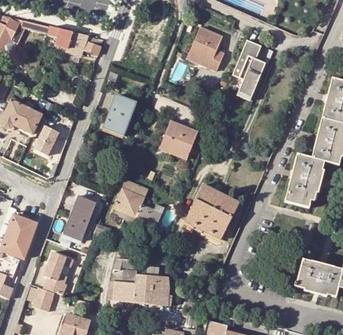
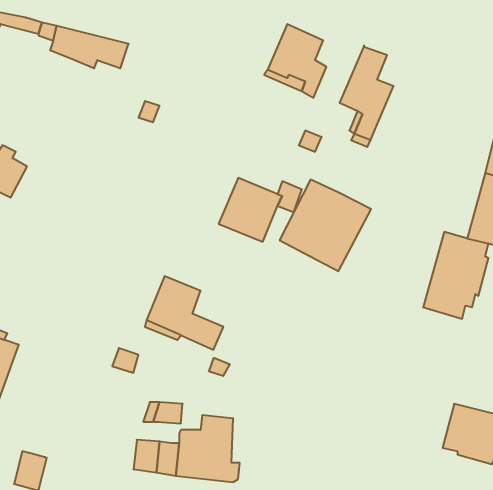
building: [102,94,135,136] -> none
building: [32,124,59,155] -> none
building: [183,184,239,240] -> [280,180,371,271]
building: [63,196,95,241] -> none
building: [42,252,71,294] -> none

